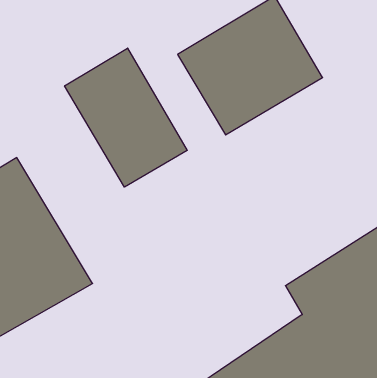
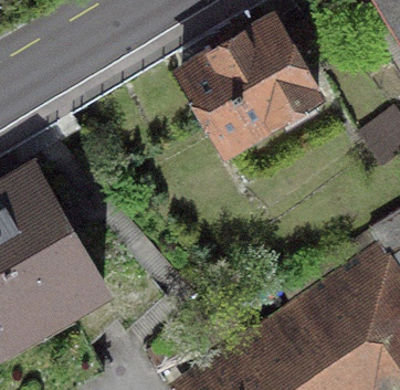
building: [65,48,187,187] -> none

